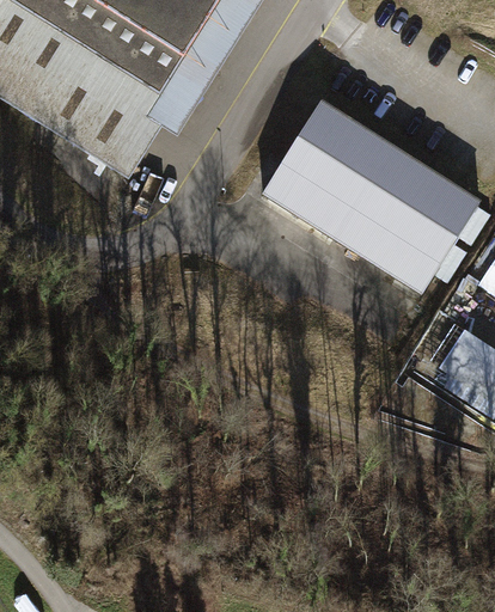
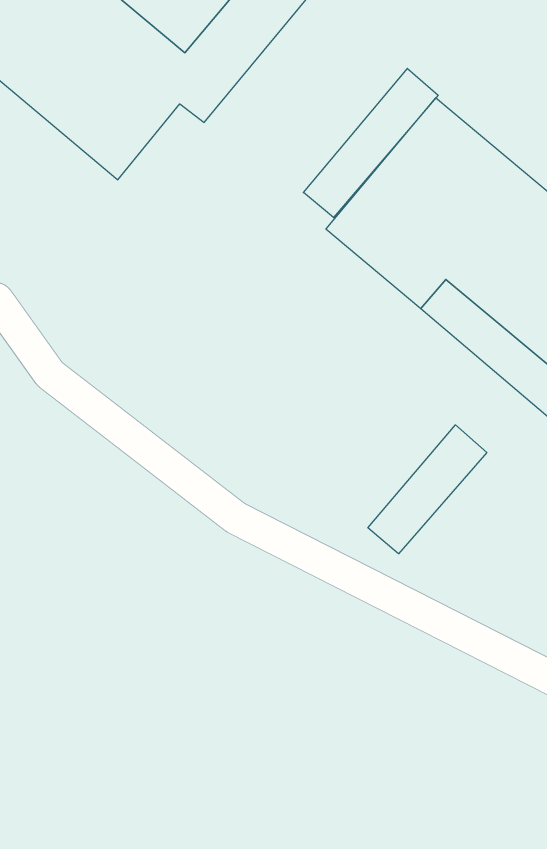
building: none -> [303,68,438,218]
building: none -> [368,425,487,554]

